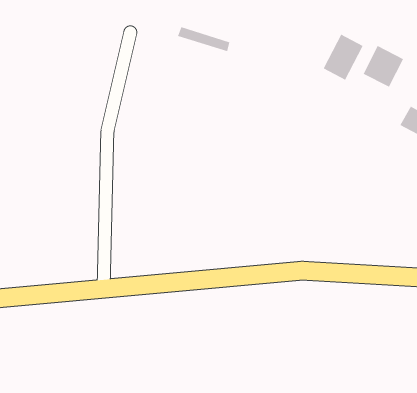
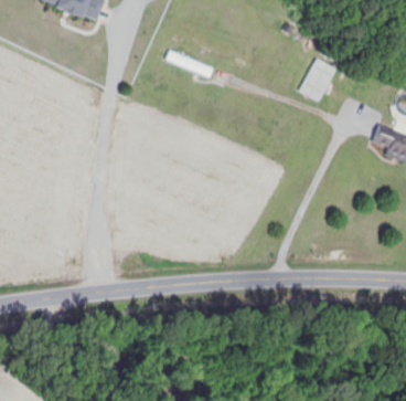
building: [363,45,404,88] -> none

